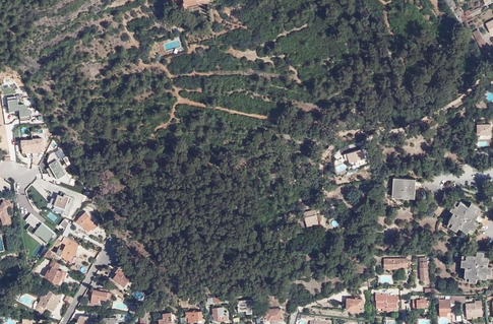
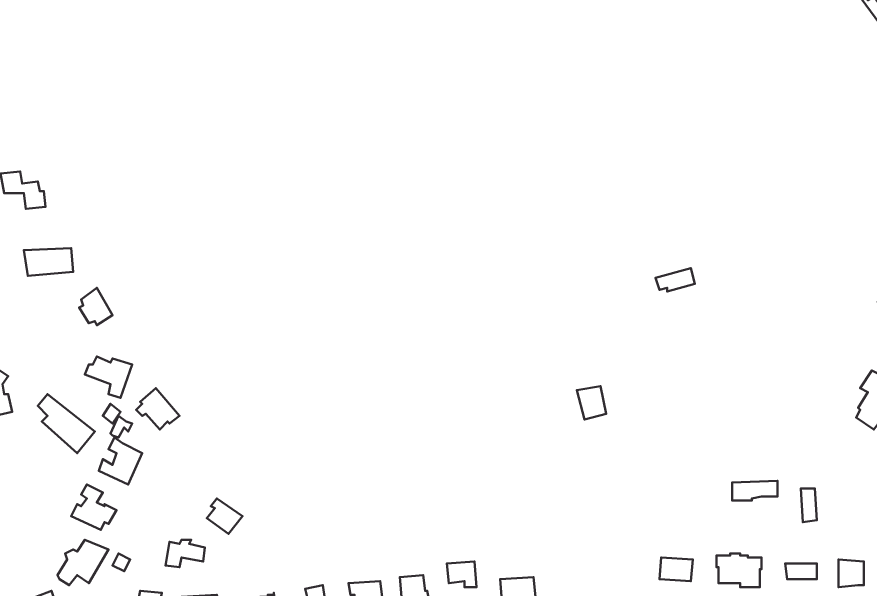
building: [391,179,417,199] -> none

